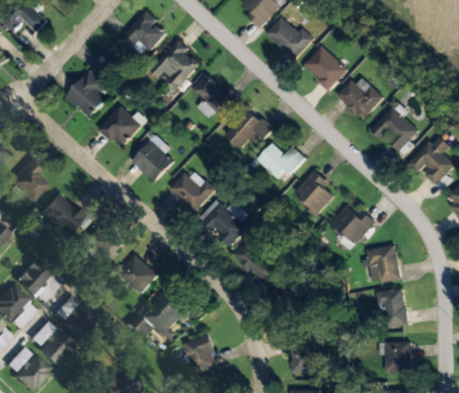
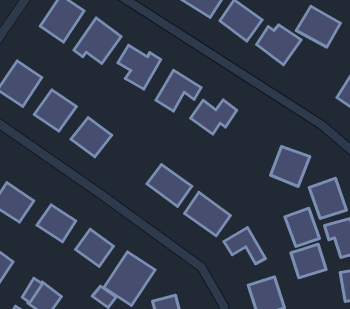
building: [372,107,418,152] -> [296,6,341,47]
building: [294,171,337,215] -> none
building: [169,172,216,214] -> none
building: none -> [285,208,319,247]
building: none -> [291,244,326,278]

